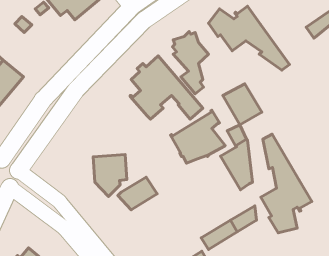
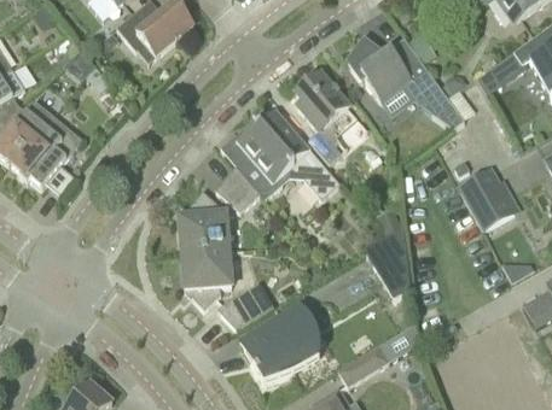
building: [223,84,262,125] -> [459,170,515,229]
building: none -> [215,168,260,212]
building: [171,110,225,163] -> [240,309,319,385]
building: none -> [179,192,228,254]
building: [261,134,312,233] -> none

